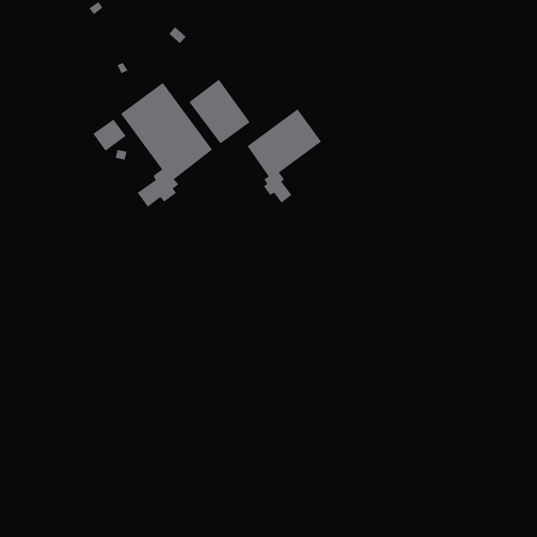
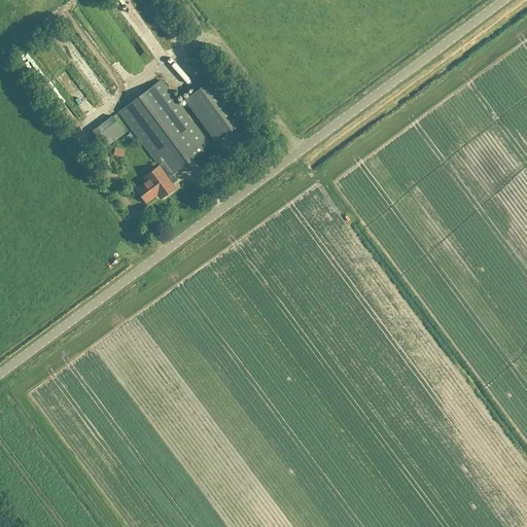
building: [247,109,322,204] -> none

